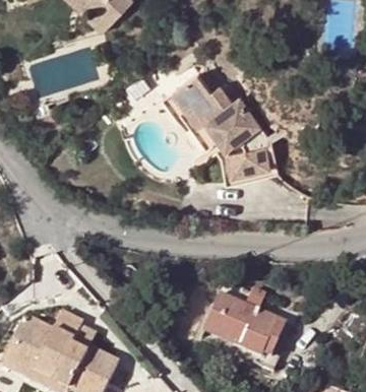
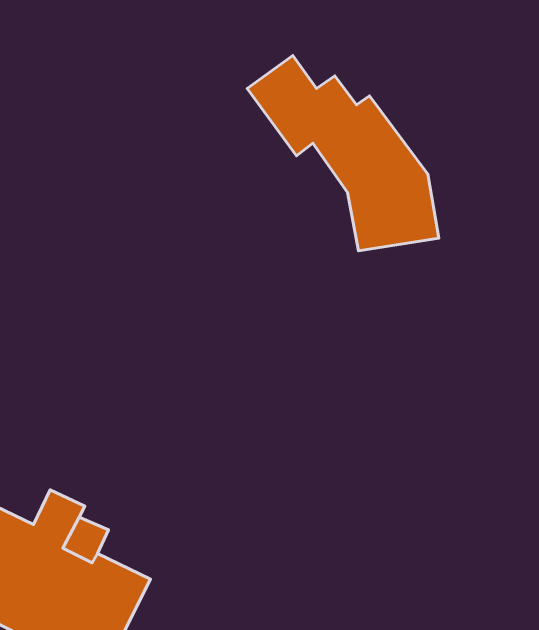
building: [163,84,235,176] -> none
building: [200,289,293,367] -> none

